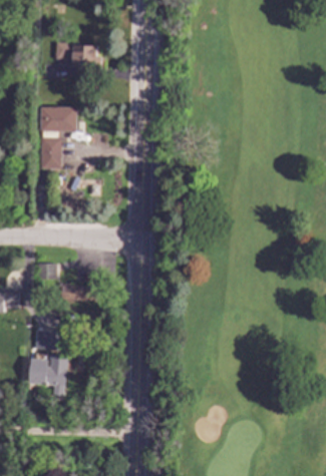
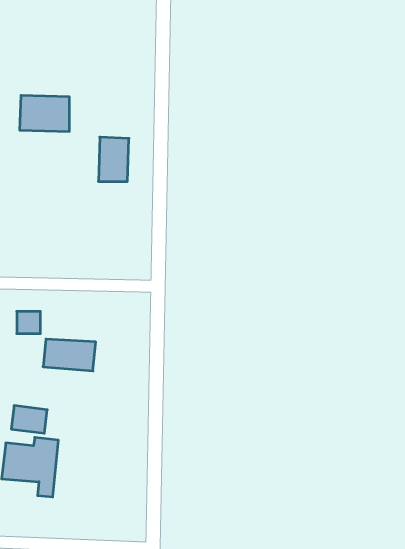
building: [55,42,99,68] -> none
building: [40,136,62,168] -> [98,137,129,181]

